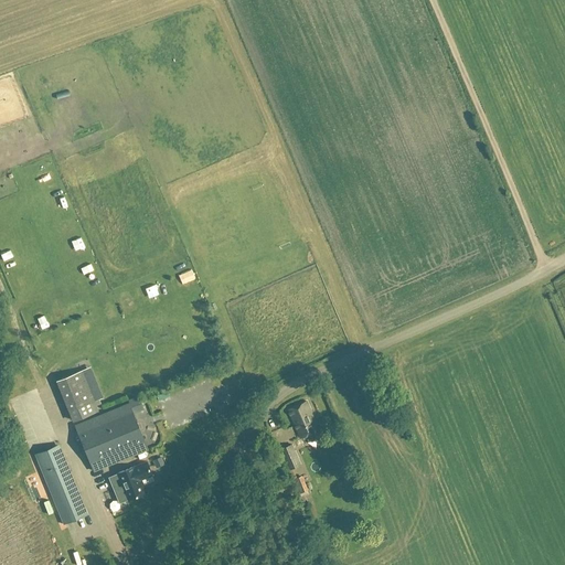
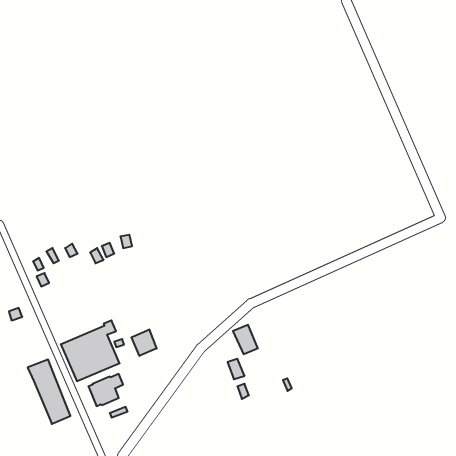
building: [56,371,97,419] -> none
building: none -> [131,329,157,356]

